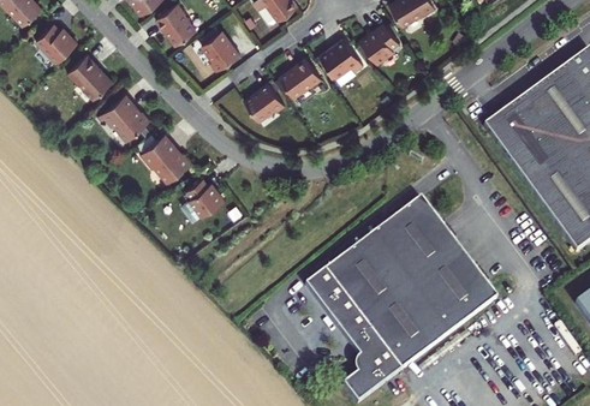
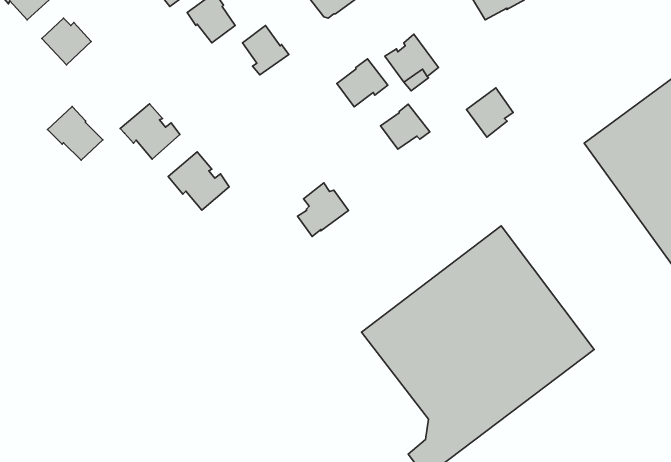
building: [360,23,399,64] -> [467,88,513,137]
building: [67,54,113,98] -> [48,106,103,160]
building: [245,83,286,120] -> [380,104,430,149]
building: [181,178,224,222] -> [298,183,349,237]

